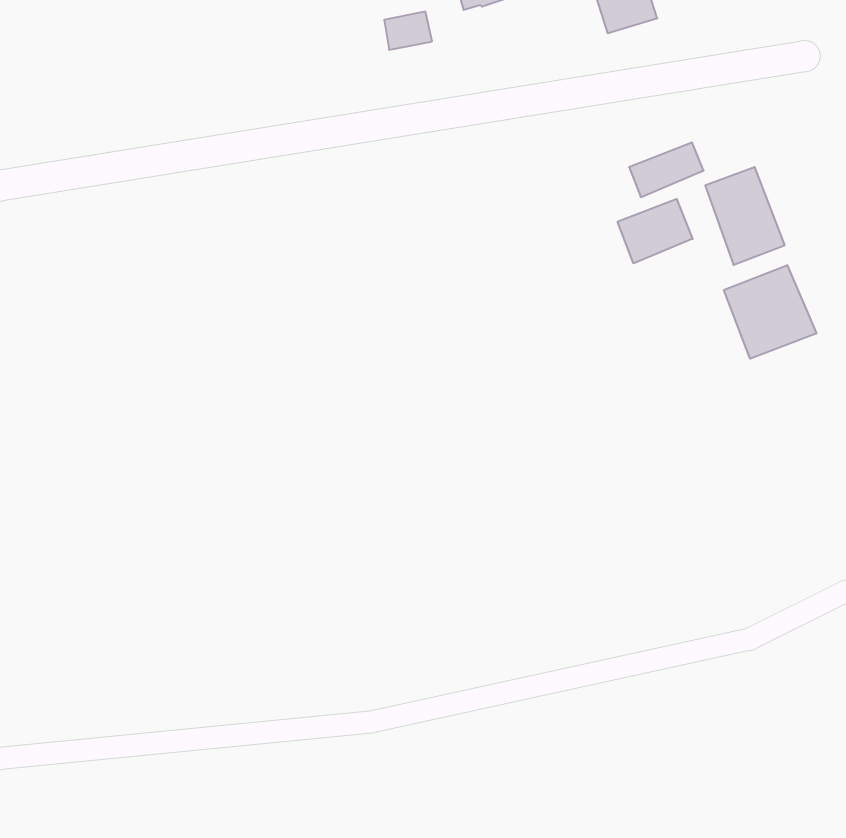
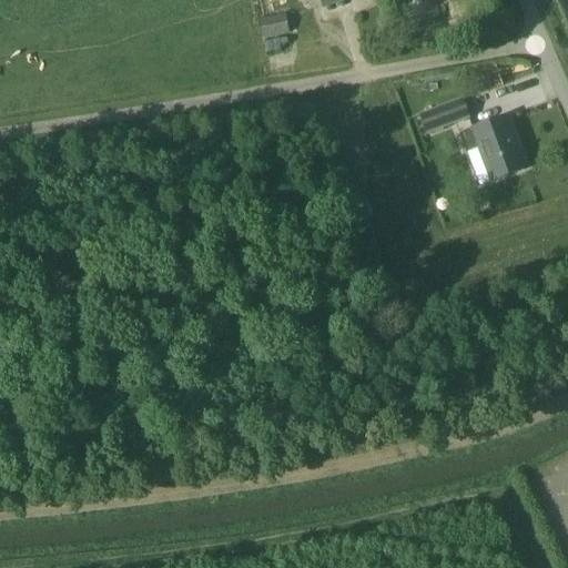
building: [618,199,693,263] -> none
building: [724,265,816,359] -> none

